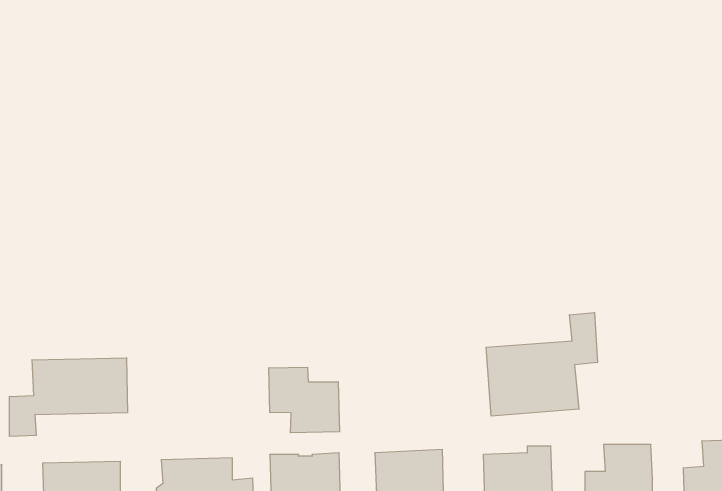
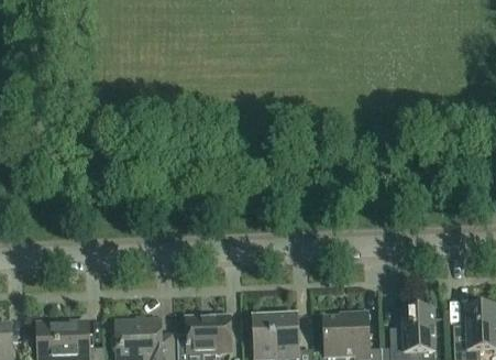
building: [486,312,597,416] -> none
building: [9,358,127,436] -> none
building: [269,367,339,433] -> none

